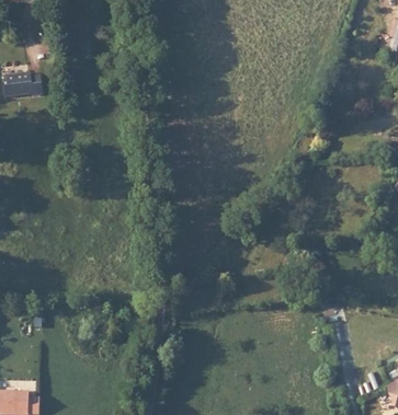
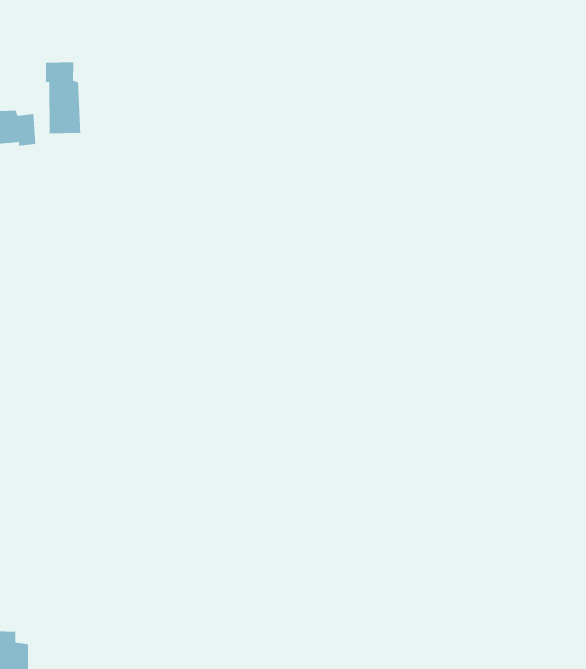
building: none -> [45,62,81,134]

